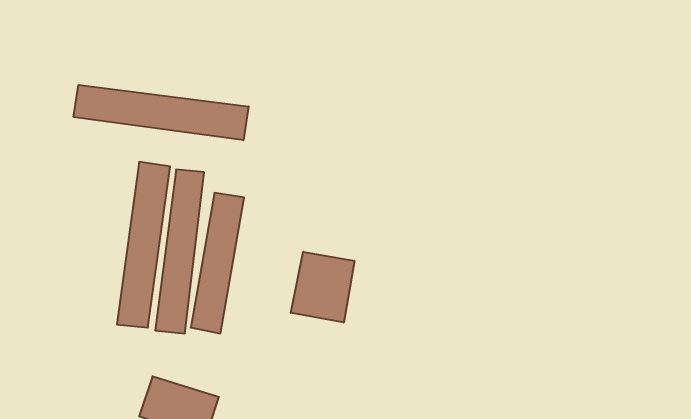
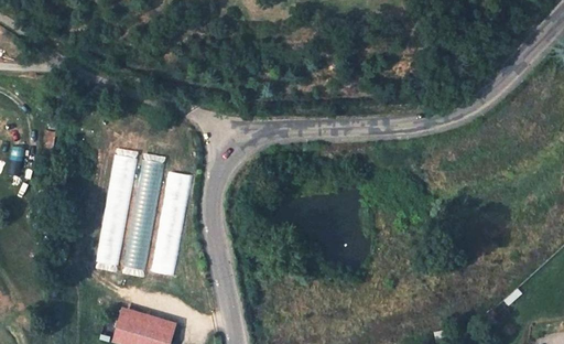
building: [74,85,249,140] -> none
building: [291,252,354,323] -> none

